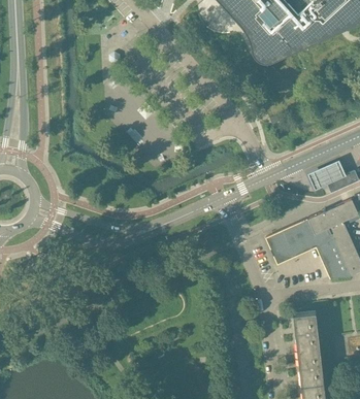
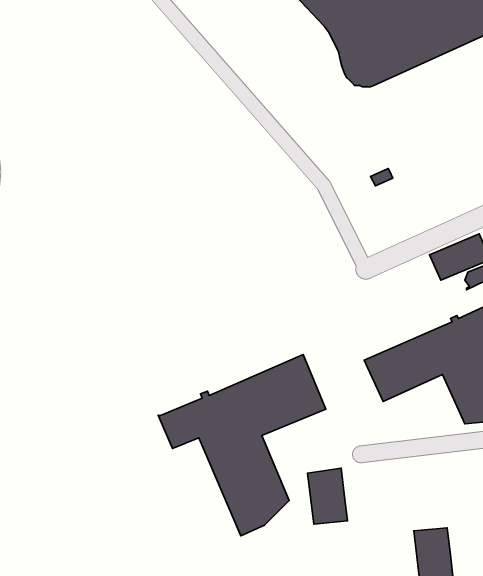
building: none -> [158,354,326,536]
building: [294,313,320,350] -> [307,468,347,524]

